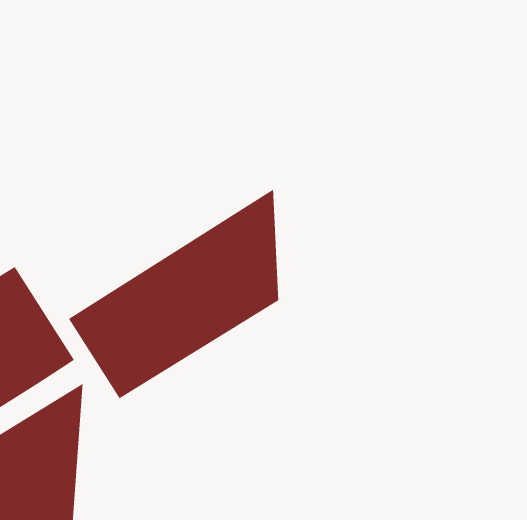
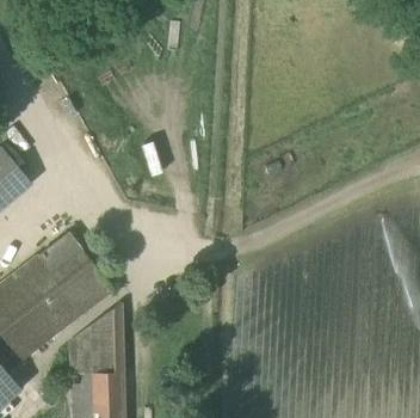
building: [68,188,279,399] -> none

